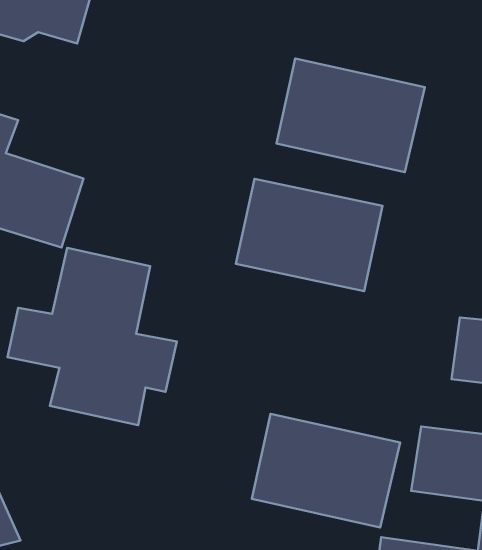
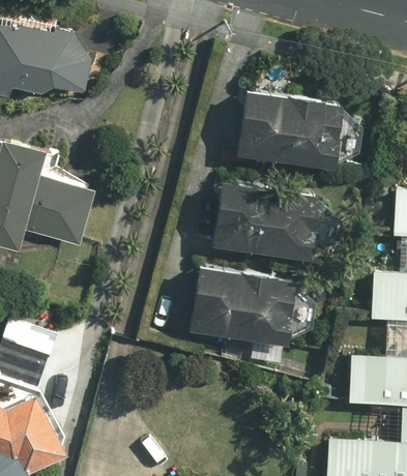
building: [8,248,177,425] -> none
building: [252,414,400,527] -> [191,268,296,346]

